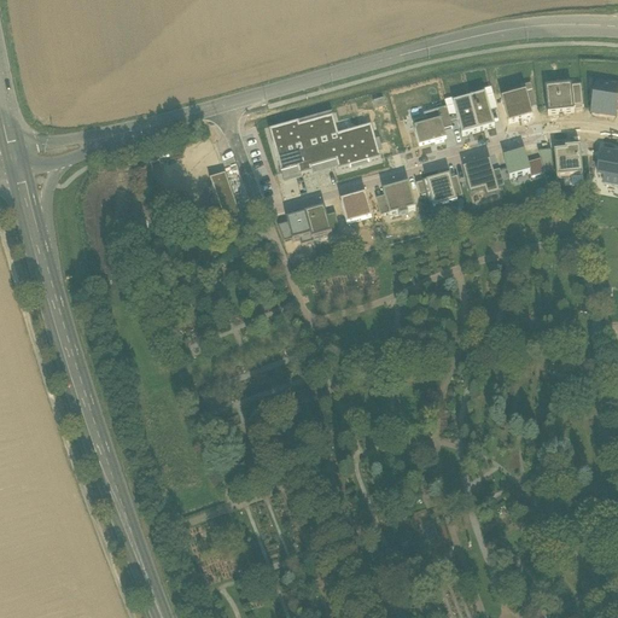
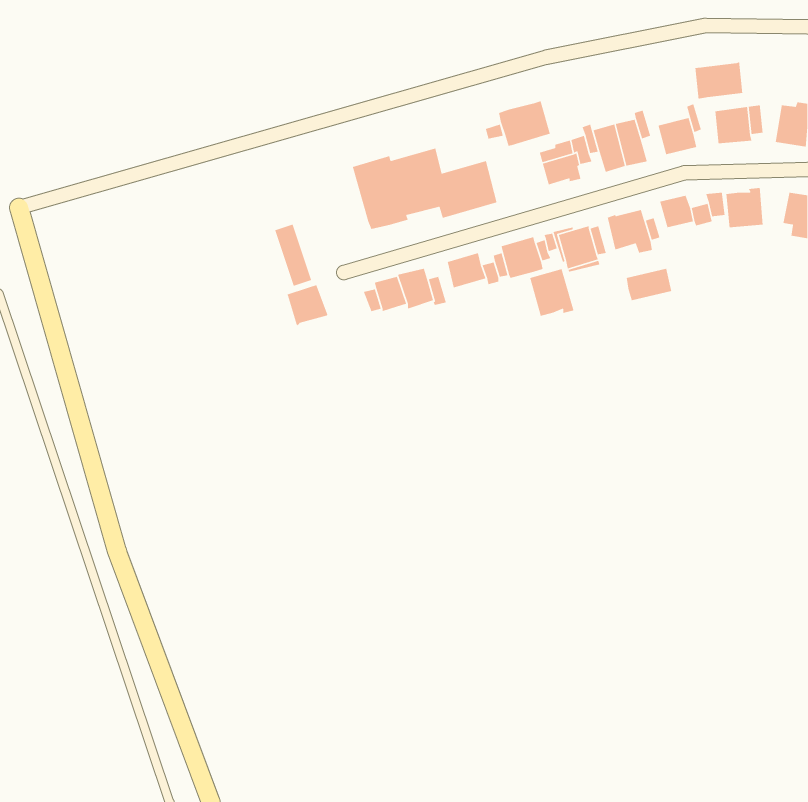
building: none -> [695,61,743,100]
building: none -> [498,100,551,146]
building: none -> [626,268,672,301]
building: none -> [529,268,575,317]
building: none -> [286,284,328,326]

